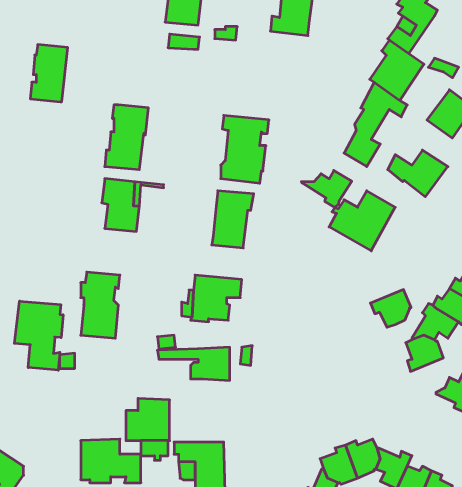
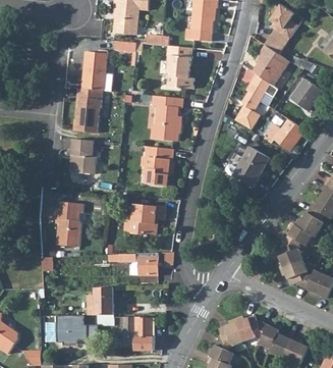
building: none -> [166,46,193,89]
building: [30,45,68,102] -> [81,52,107,91]
building: [301,170,352,207] -> none
building: [370,290,411,327] -> [279,260,307,285]
building: [14,301,63,370] -> none

